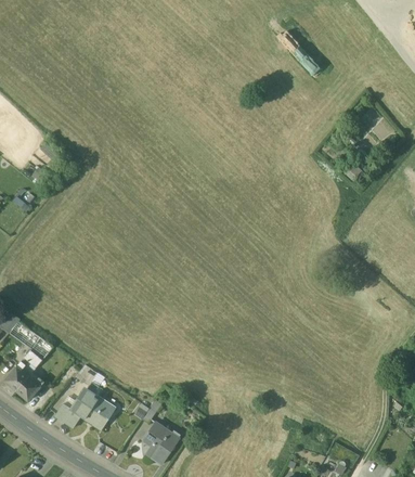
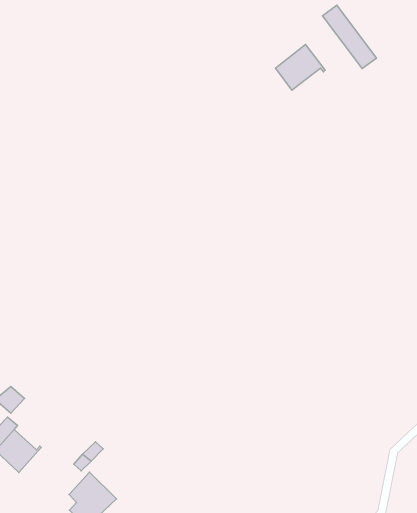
building: none -> [275,45,325,90]

